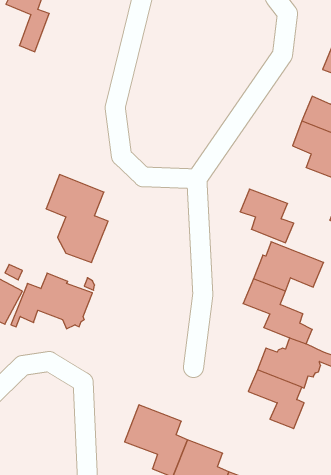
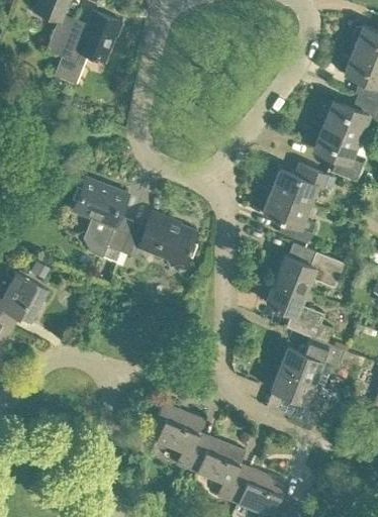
building: none -> [54,12,122,85]
building: none -> [271,165,333,206]
building: [11,273,92,329] -> [116,213,196,268]

